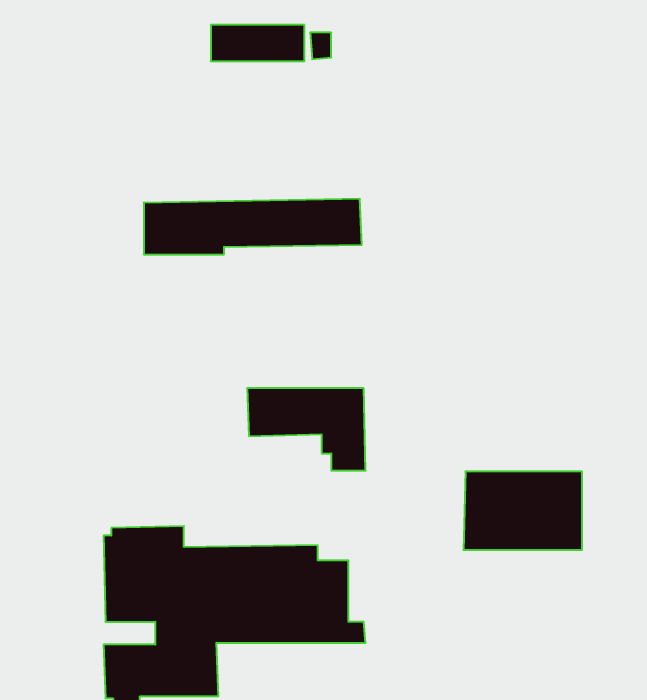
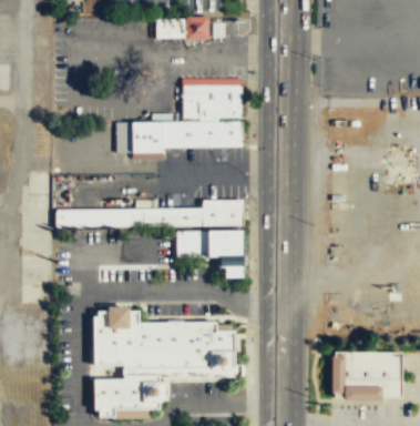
building: none -> [182,84,242,118]
building: none -> [55,199,243,226]
building: [463,471,582,550] -> [334,352,402,397]

